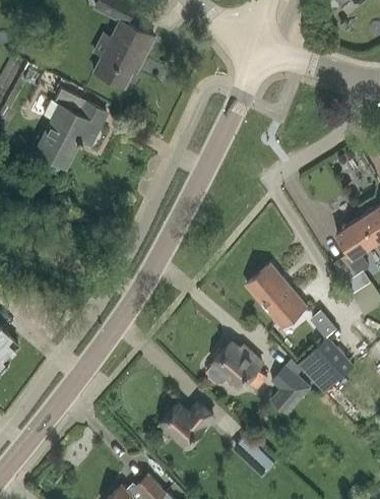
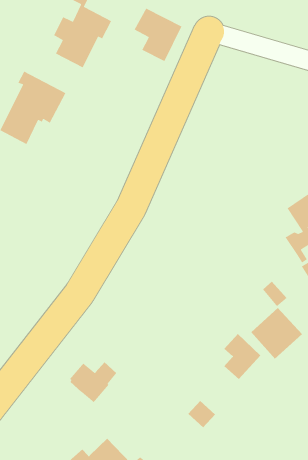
building: none -> [134,7,182,62]
building: [246,264,306,327] -> none
building: [208,344,267,391] -> none
building: [162,403,212,447] -> [69,362,117,403]

